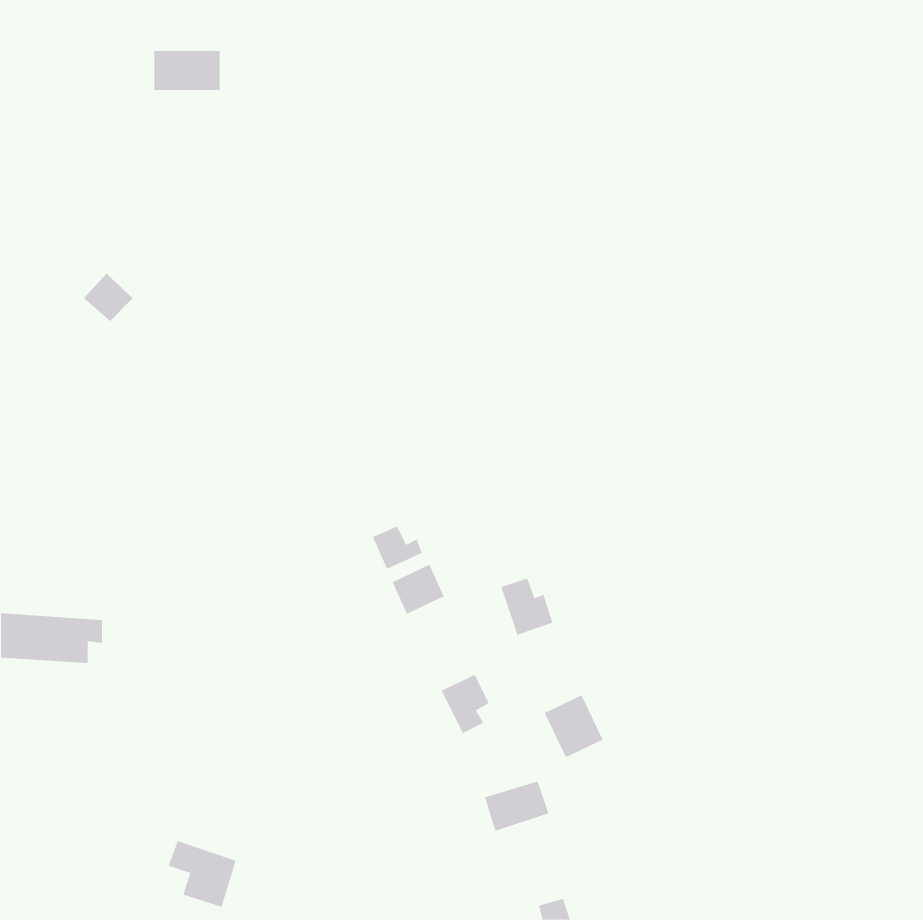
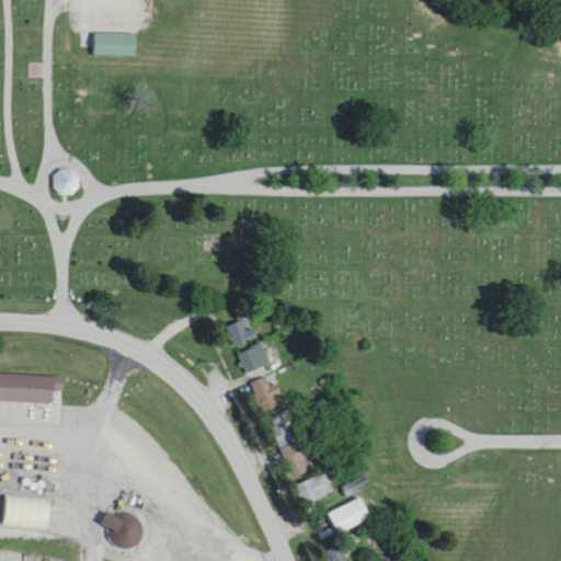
building: [501,578,553,636] -> [251,376,283,411]
building: [544,695,603,758] -> [278,439,314,478]
building: none -> [329,496,371,534]

